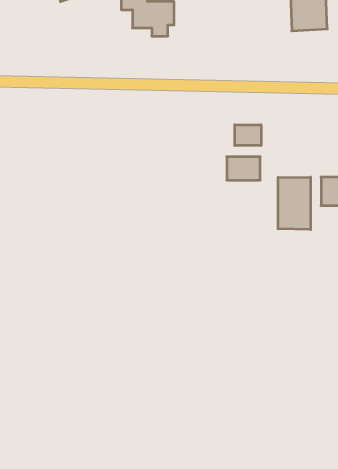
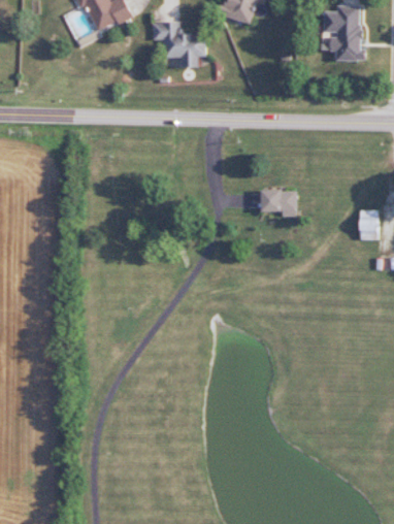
building: [235,125,261,146] -> none
building: [278,177,311,230] -> none

